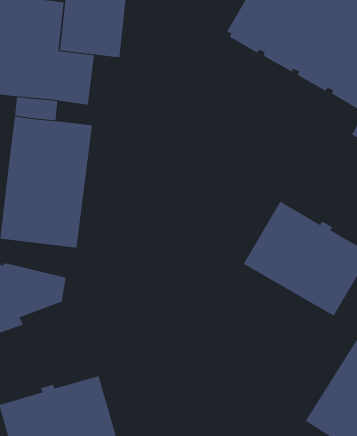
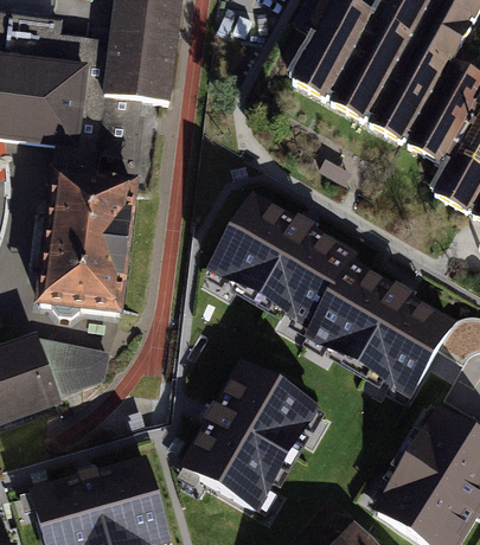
building: none -> [211,195,354,325]
building: none -> [184,365,314,507]

